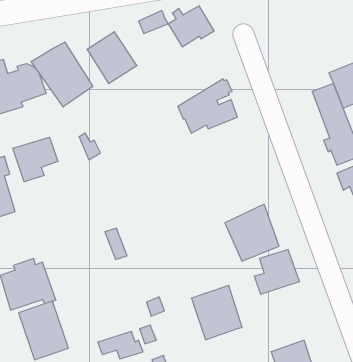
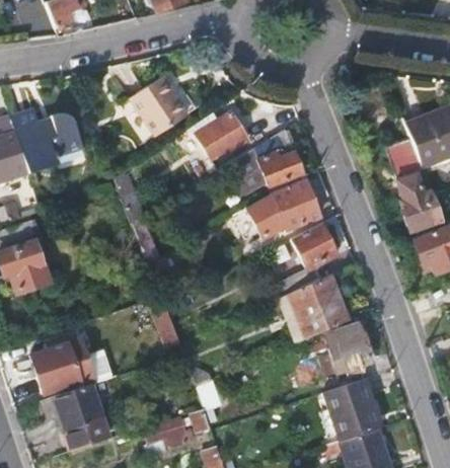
building: [168,6,214,47] -> [195,113,247,160]
building: [31,42,93,107] -> none
building: none -> [246,179,319,240]
building: [13,137,58,182] -> none
building: none -> [291,223,340,288]
building: [191,286,242,340] -> [323,380,381,442]

